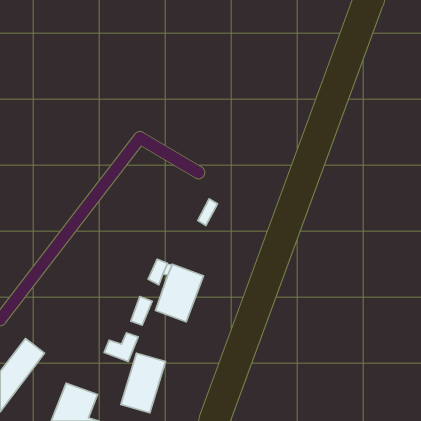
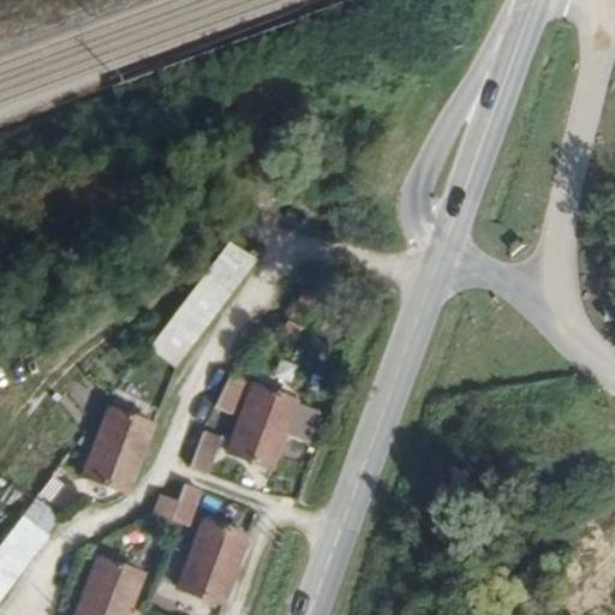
building: none -> [151,243,256,365]
building: none -> [86,408,155,494]

